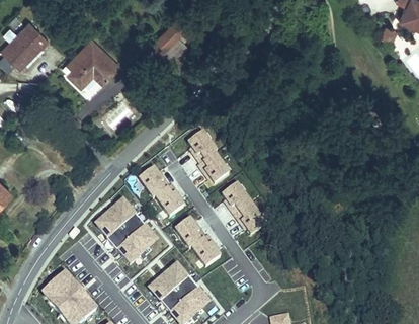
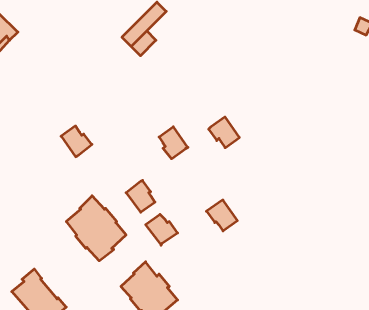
building: [66,36,119,84] -> none
building: [197,152,228,182] -> [209,117,239,148]
building: [139,166,169,196] -> [61,126,92,157]
building: [221,182,250,214] -> none
building: [190,234,220,265] -> none

